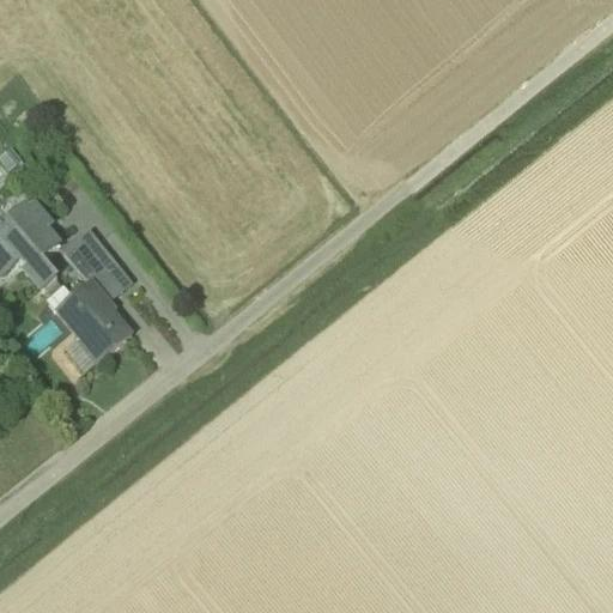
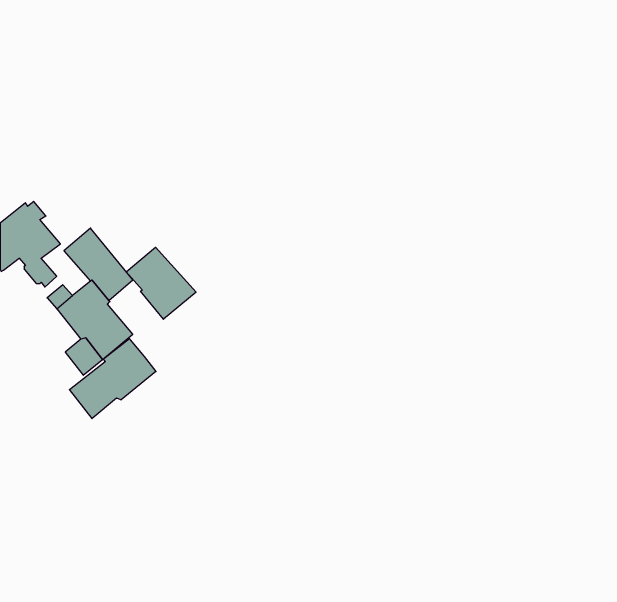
building: none -> [126,247,196,319]
building: none -> [69,338,156,419]

